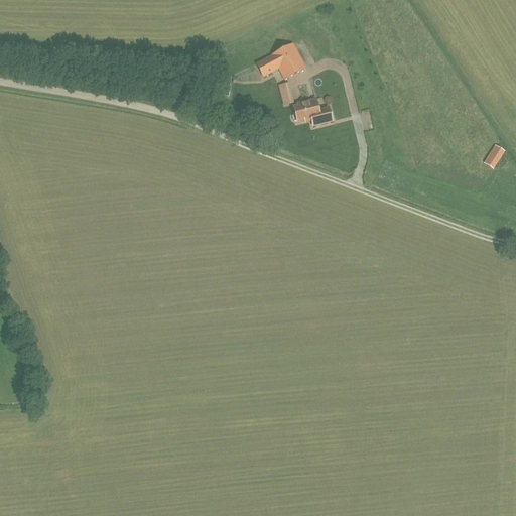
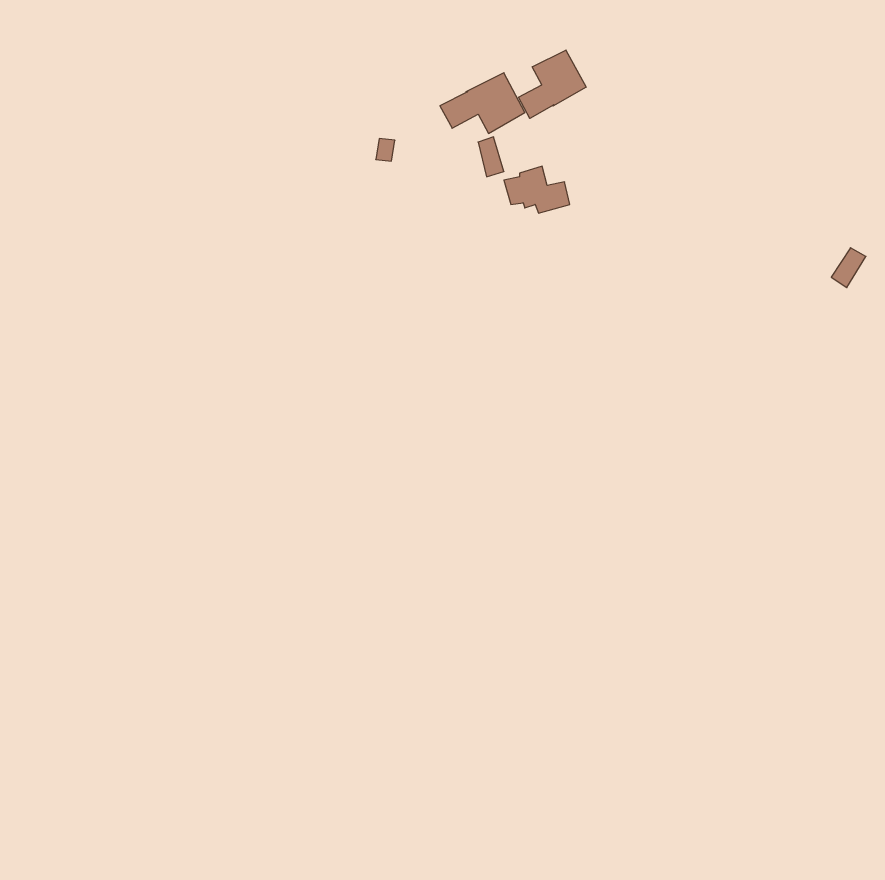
building: none -> [519,50,586,118]

